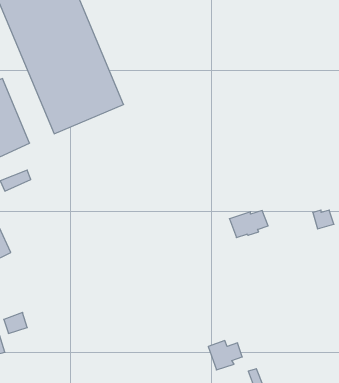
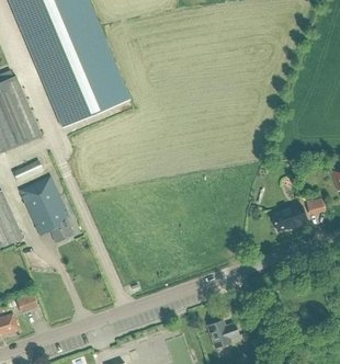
building: none -> [19,177,73,242]
building: [229,211,268,238] -> [271,206,307,231]

